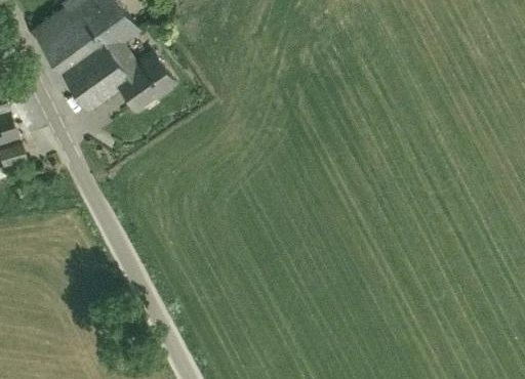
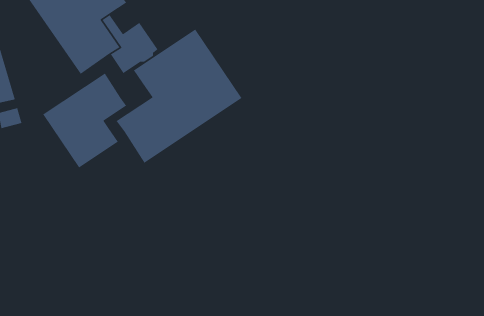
building: none -> [116,28,242,164]
building: none -> [42,72,127,169]

